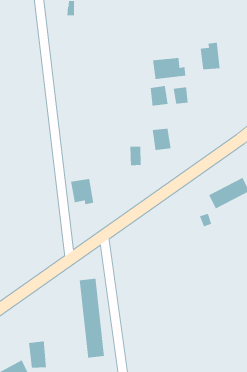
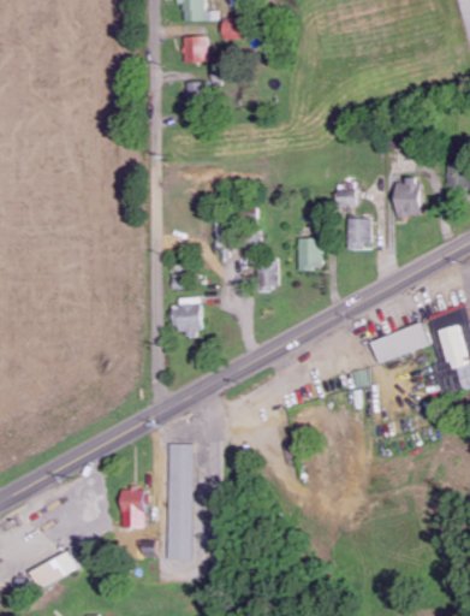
building: [200,42,220,70] -> [393,177,420,217]
building: [152,57,186,80] -> none
building: [150,85,168,106] -> [347,218,371,247]
building: [28,341,47,369] -> [120,488,144,528]

